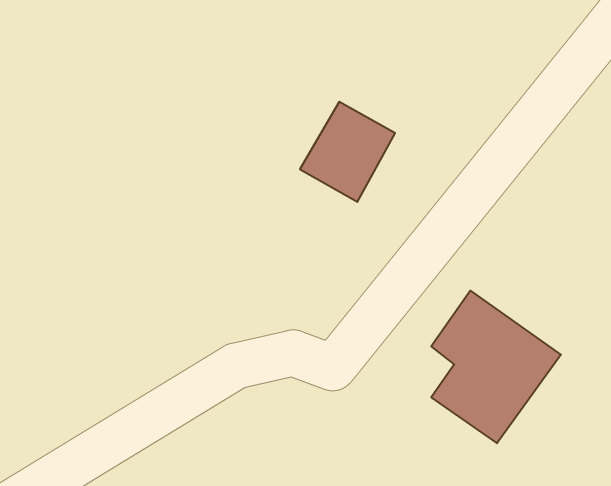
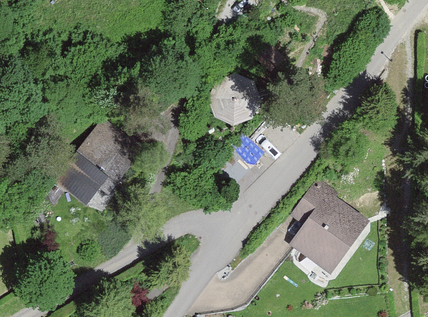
building: none -> [55,115,147,204]

